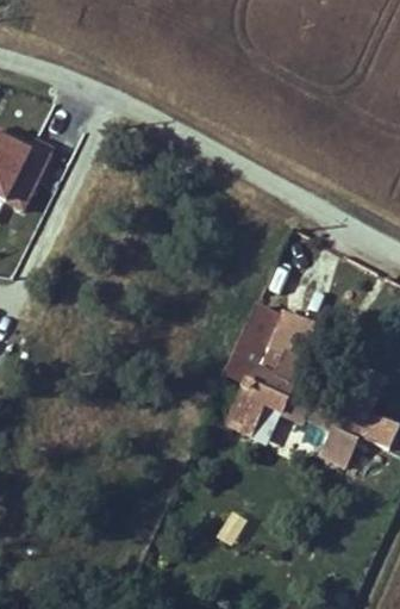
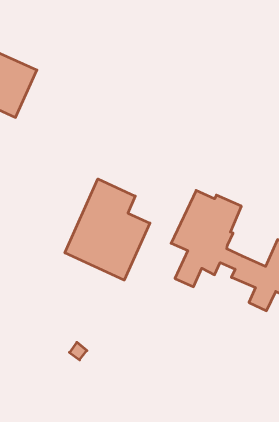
building: none -> [65,179,150,280]

